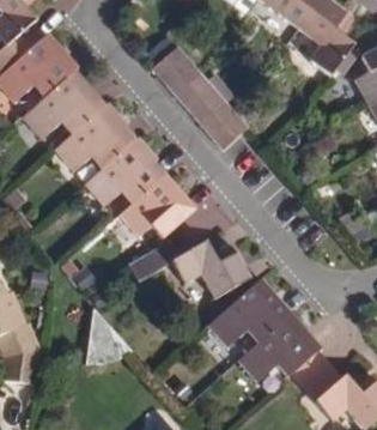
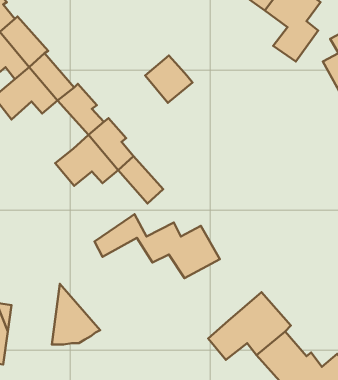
building: [154,47,201,93] -> none
building: [200,101,249,150] -> none
building: [55,119,120,169] -> none
building: [121,189,180,236] -> none
building: [211,283,294,346] -> none

